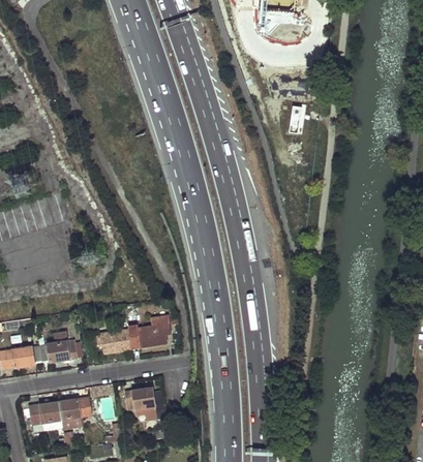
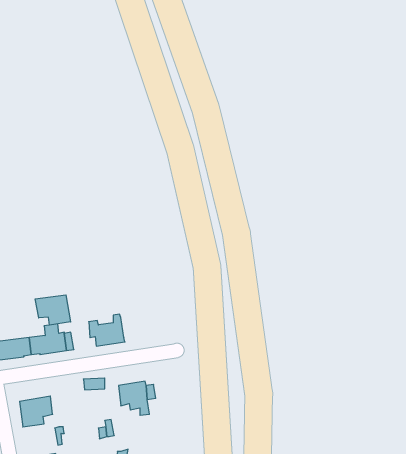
building: none -> [35,295,71,325]
building: [127,325,169,348] -> none
building: [59,398,91,430] -> none

